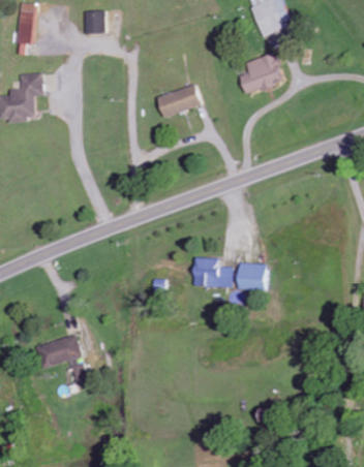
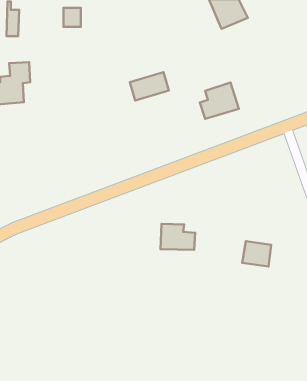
building: [240,53,284,94] -> [200,83,239,119]
building: [235,262,268,291] -> [242,241,271,266]
building: [35,334,82,370] -> none

